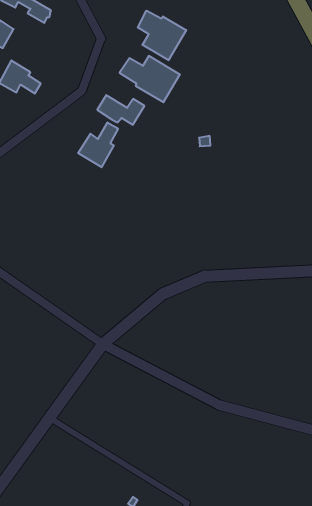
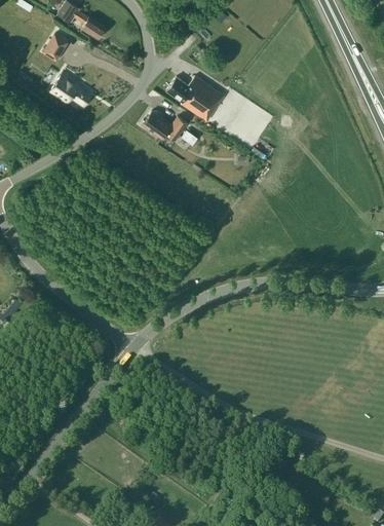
building: [138,11,186,60] -> none
building: [78,122,118,167] -> none

